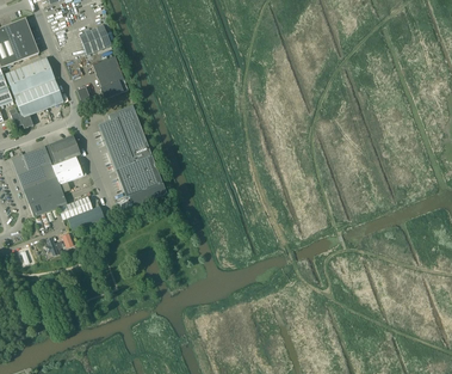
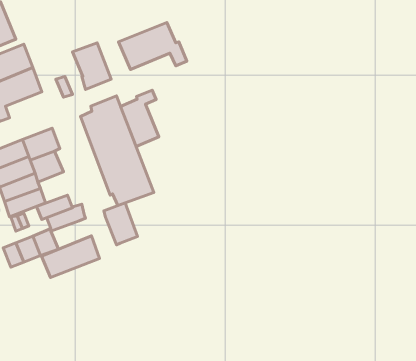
building: [78,24,110,54] -> none
building: none -> [118,23,187,69]
building: none -> [121,90,159,147]
building: none -> [104,203,138,245]
building: none -> [41,236,99,278]

